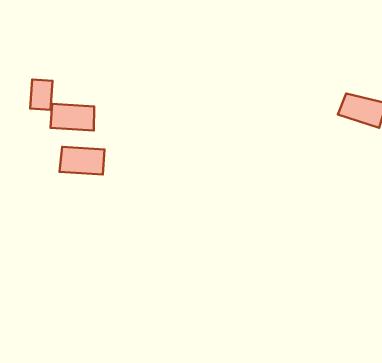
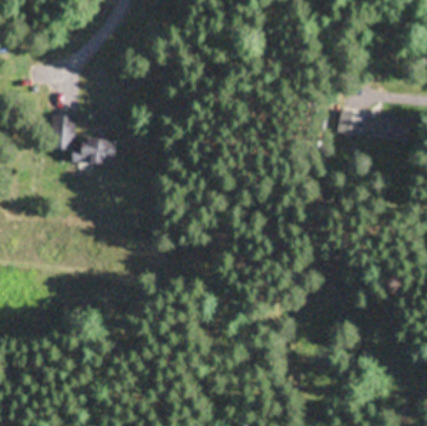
building: [59,147,105,175] -> none

